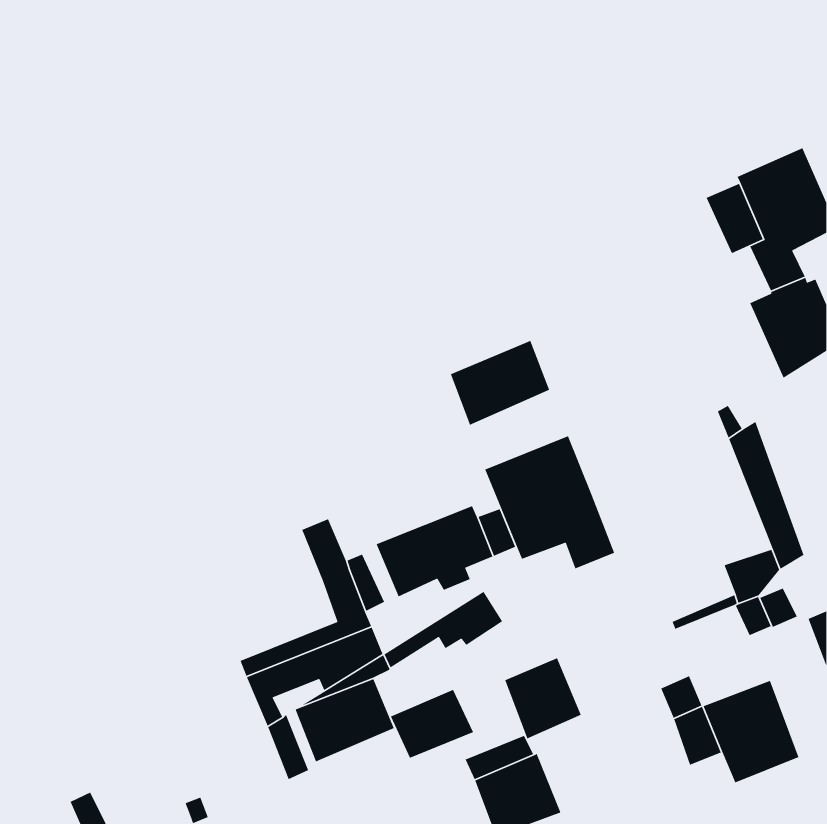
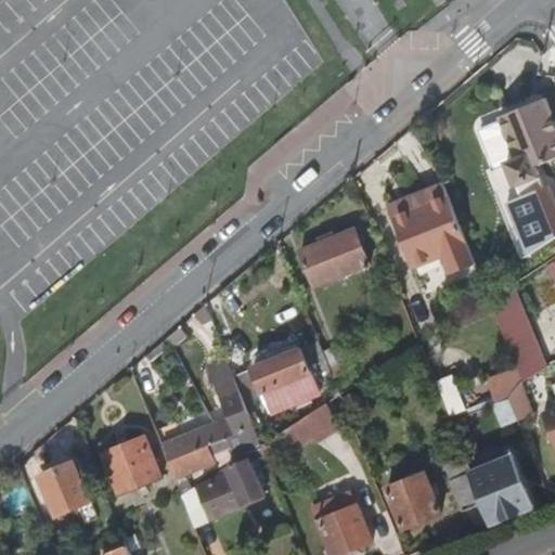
building: [484,435,615,569] -> [385,180,473,270]
building: none -> [104,438,162,496]
building: [504,657,582,740] -> [388,477,440,532]
building: [390,689,474,759] -> none
building: none -> [42,469,89,518]

